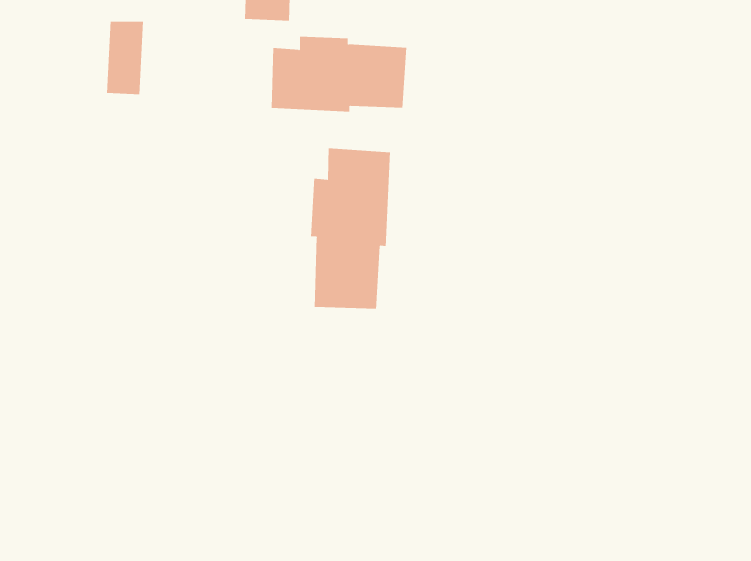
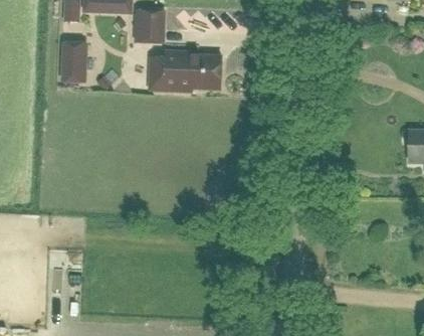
building: [310,148,391,310] -> none

